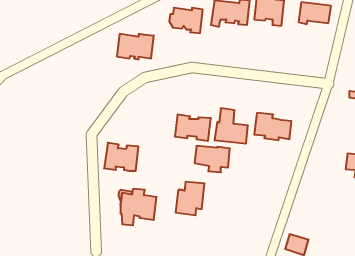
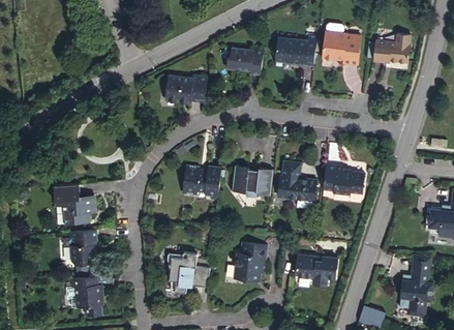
building: none -> [54,184,94,224]
building: [104,143,138,171] -> [182,163,221,196]
building: [195,146,230,172] -> [296,254,336,284]
building: none -> [70,230,95,264]
building: none -> [398,261,431,317]
building: none -> [70,276,100,319]

